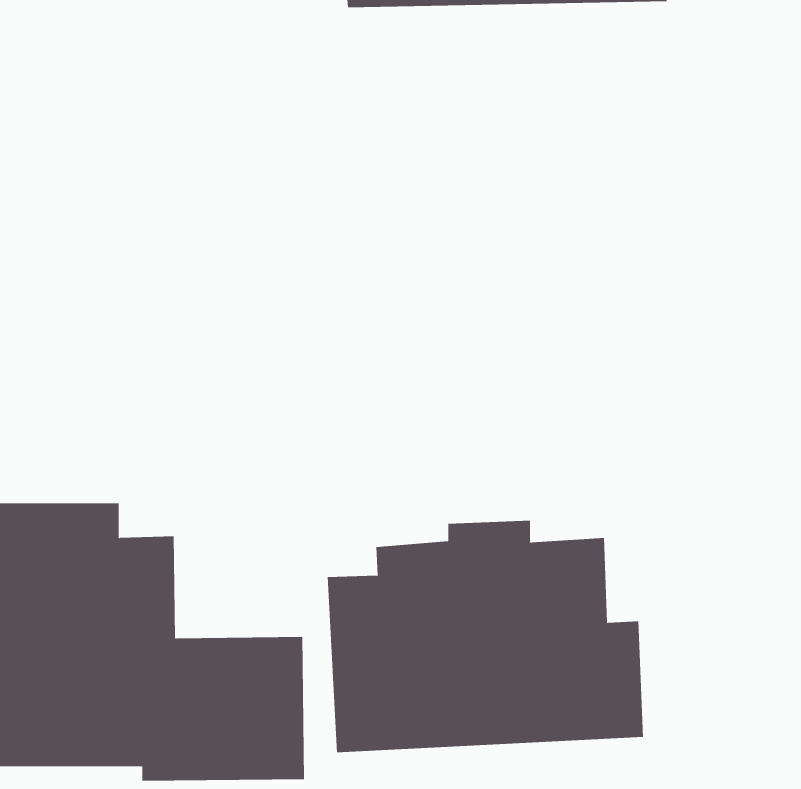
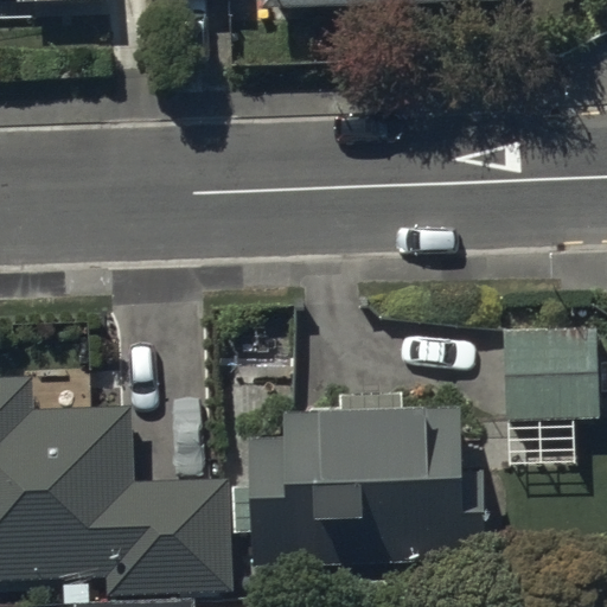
building: none -> [500,324,600,415]

